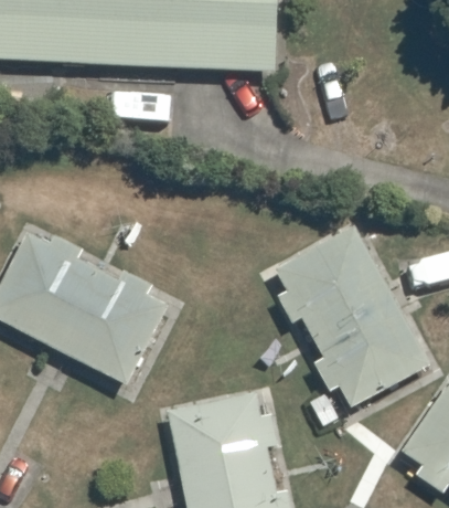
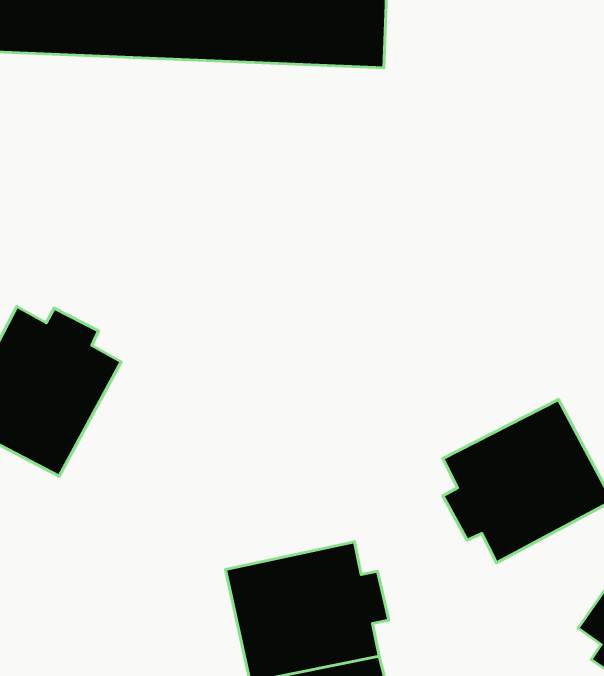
building: [277,226,393,336] -> none
building: [55,269,165,384] -> none

